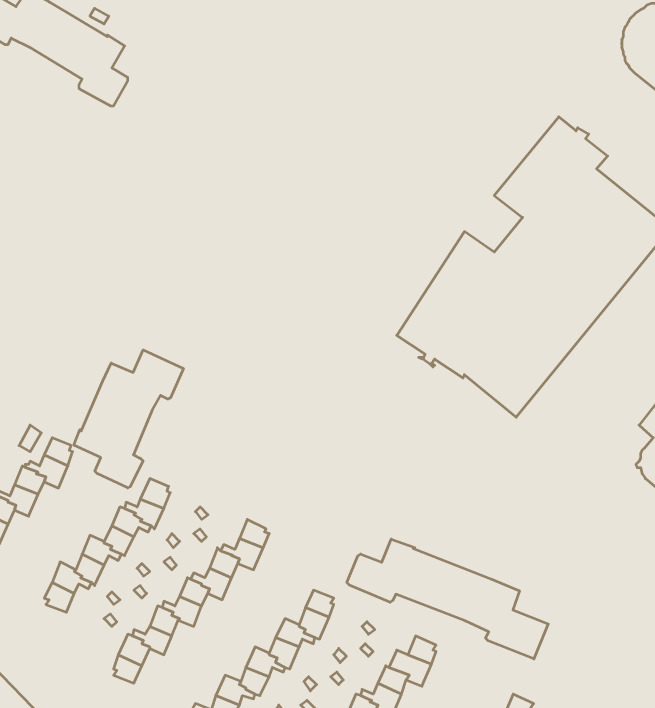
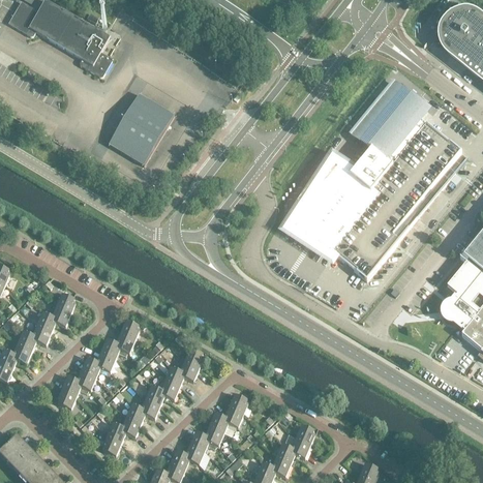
building: none -> [109,92,174,163]
building: [74,350,183,488] -> none
building: [347,539,548,659] -> none

